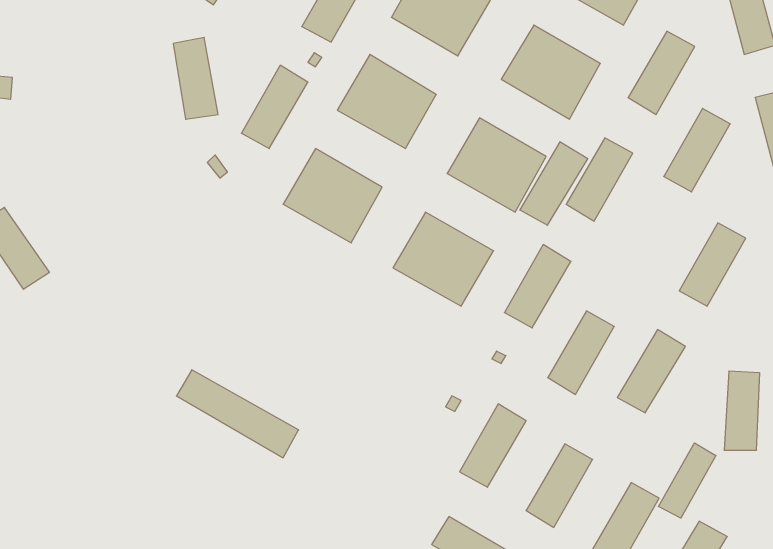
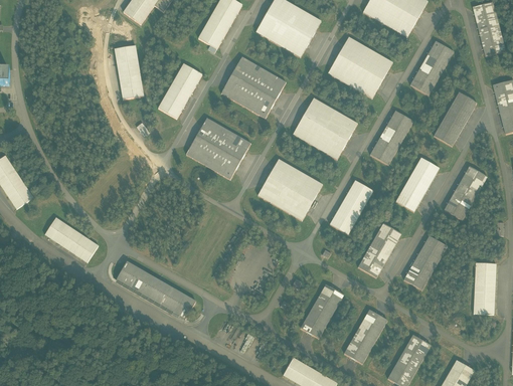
building: [520,142,588,225] -> [395,157,440,211]
building: none -> [45,217,99,262]
building: [658,443,716,518] -> none

